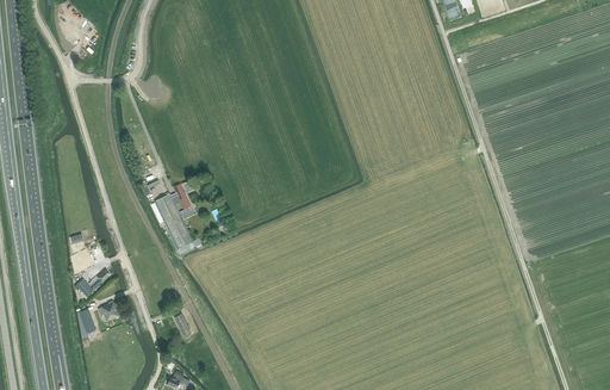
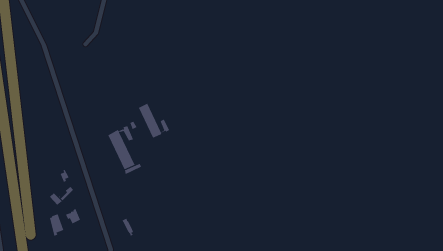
building: none -> [138,103,170,138]

